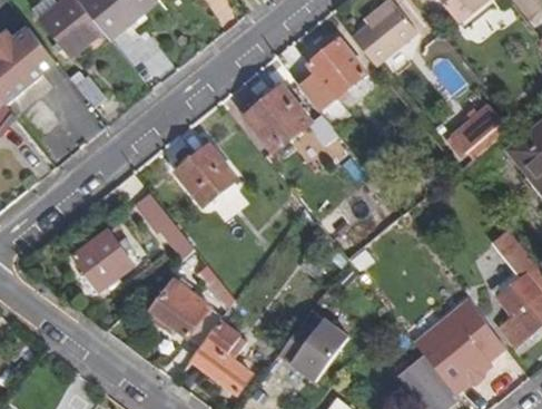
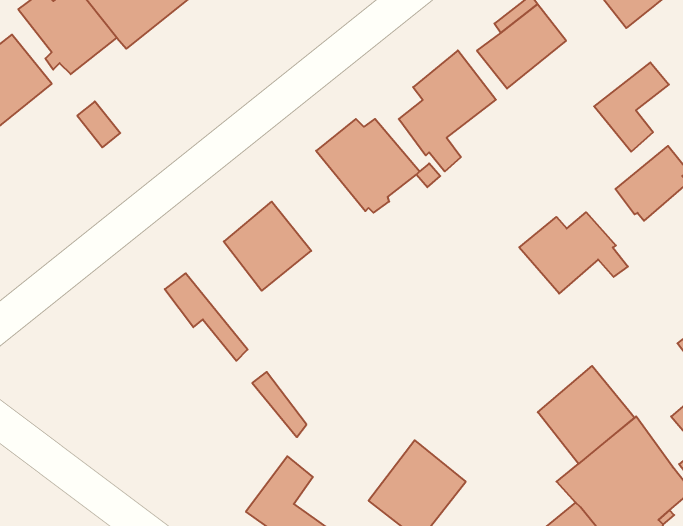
building: none -> [594,62,669,152]
building: none -> [519,212,628,294]
building: [71,226,128,291] -> none
building: none -> [538,366,635,464]
building: [149,281,221,344] -> none

